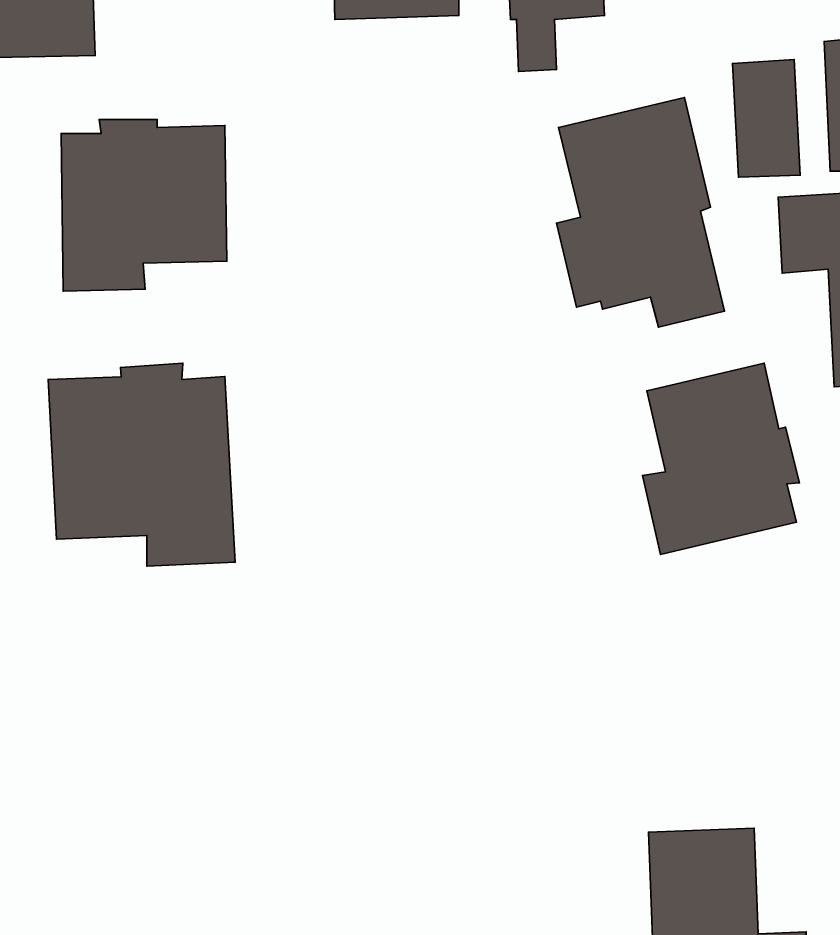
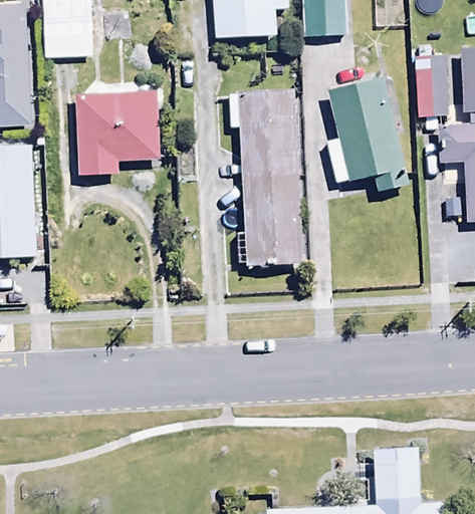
building: none -> [229,90,305,268]
building: [48,363,235,566] -> none
building: [643,363,799,555] -> none

